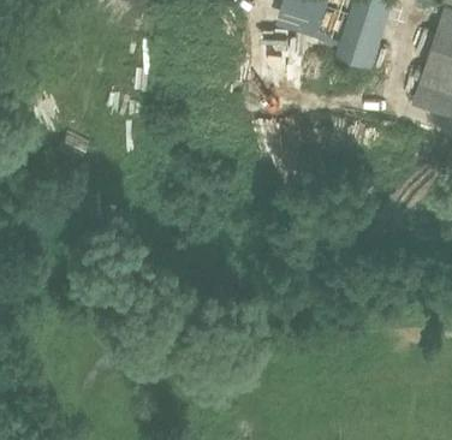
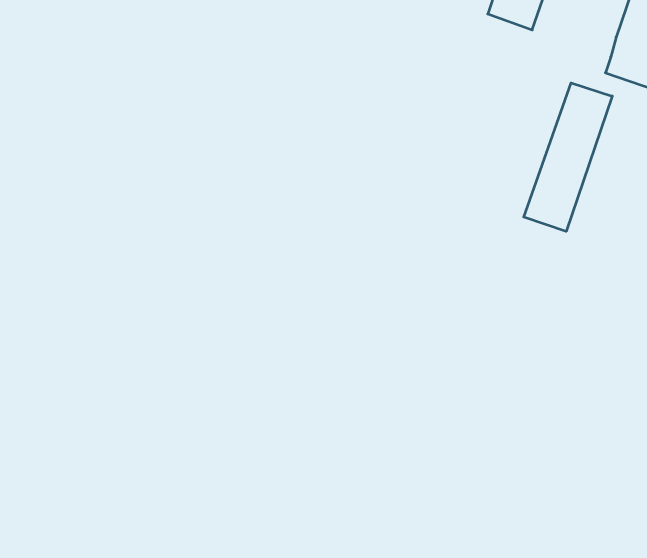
building: none -> [524,83,612,231]

